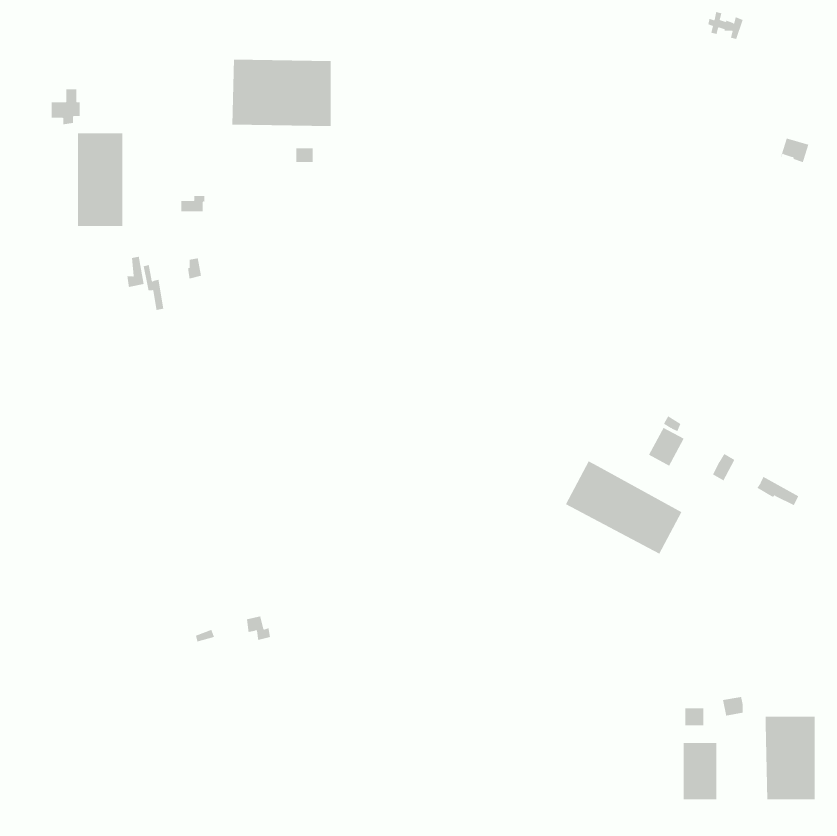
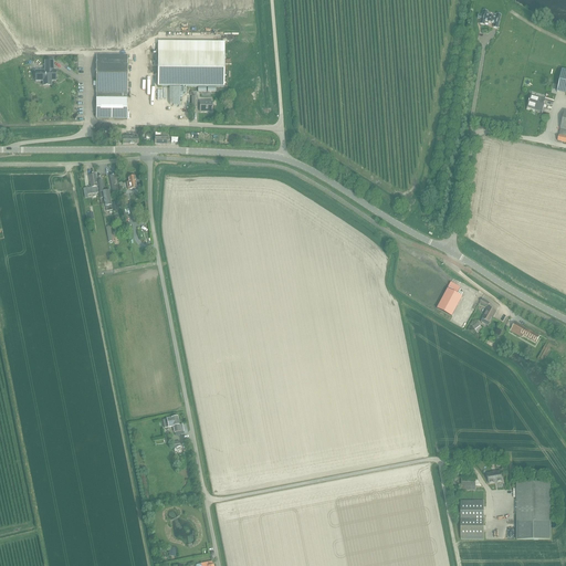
building: [77,133,123,227] -> [95,53,126,116]
building: [565,461,682,555] -> none

